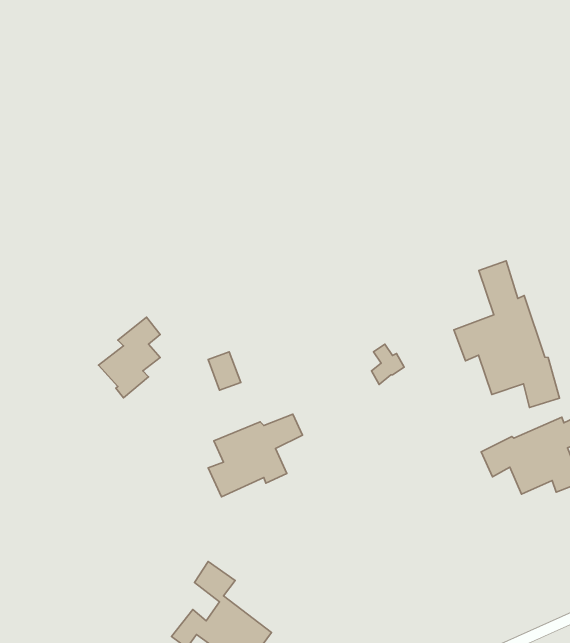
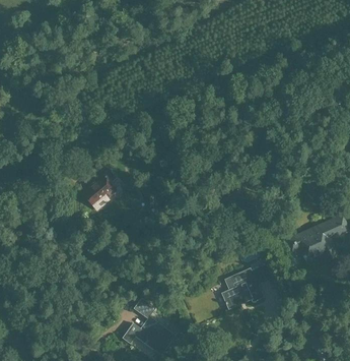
building: [454,261,560,408] -> none
building: [208,414,302,497] -> [221,265,271,309]

